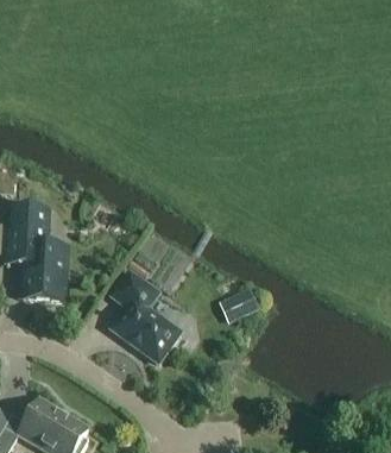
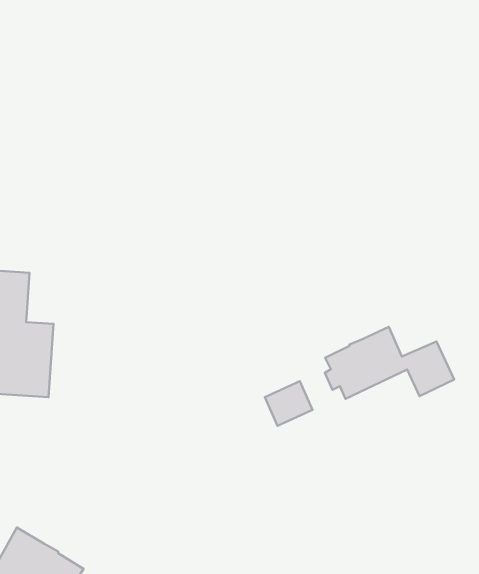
building: none -> [325,327,454,399]
building: [111,270,181,361] -> none

